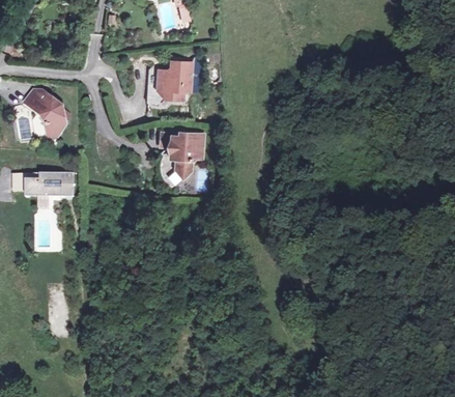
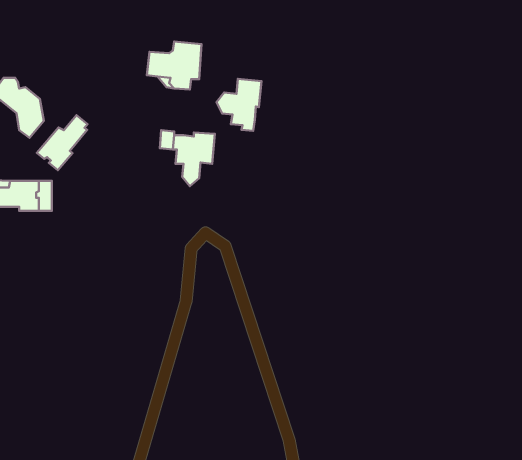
building: none -> [216,79,262,131]
building: none -> [37,115,87,170]

